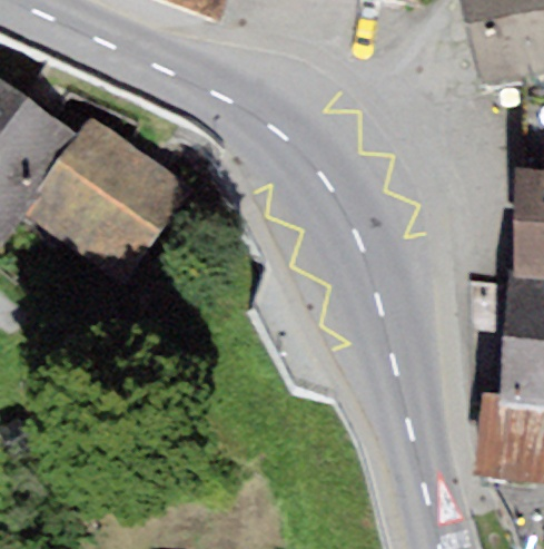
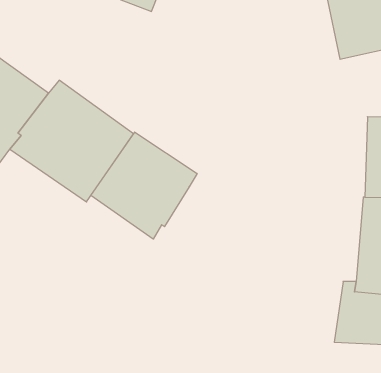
building: none -> [91,132,197,239]

